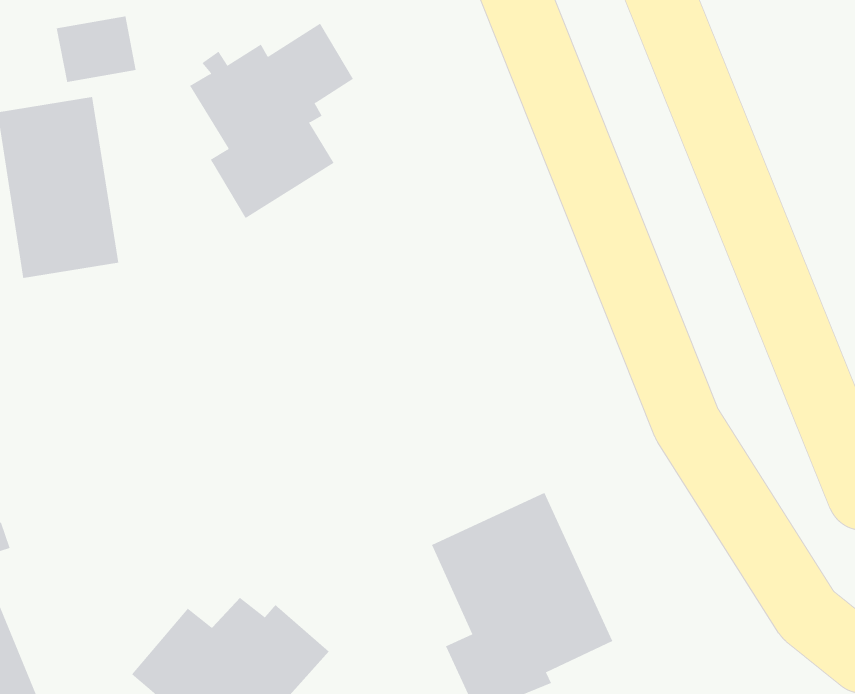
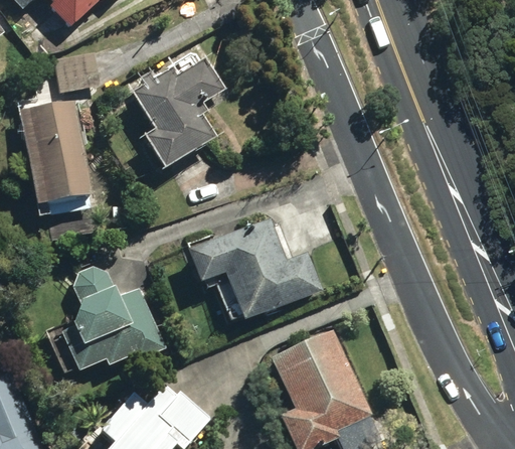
building: none -> [186,217,324,321]
building: none -> [59,266,166,373]

